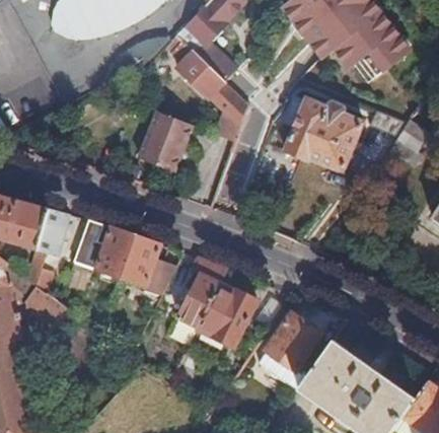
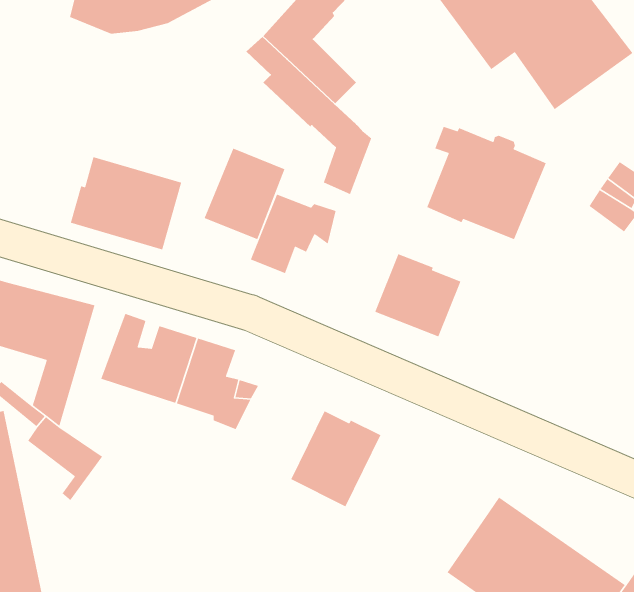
building: none -> [70,156,182,250]
building: none -> [250,193,336,274]
building: none -> [374,253,462,337]
building: [169,258,227,344] -> none
building: [258,312,326,389] -> none

